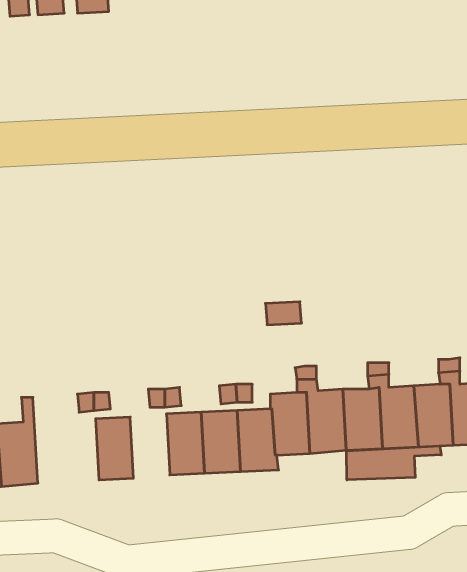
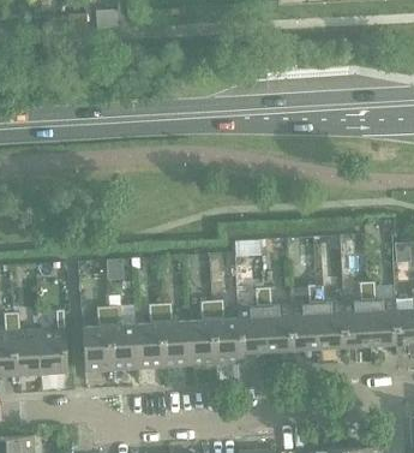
building: none -> [133,321,162,368]
building: none -> [80,324,110,370]
building: [347,446,441,480] -> none

